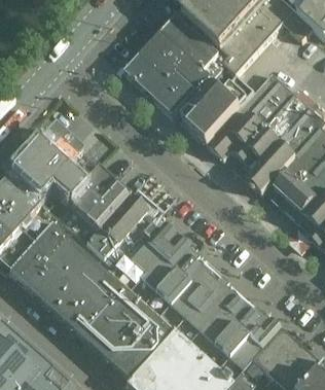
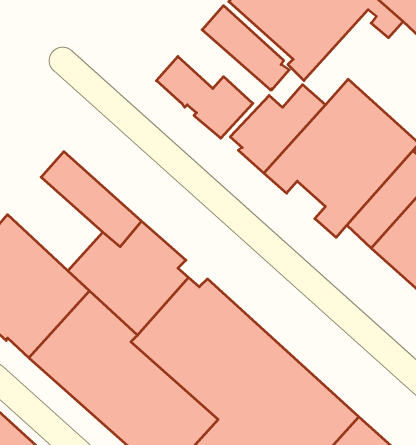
building: [141,31,212,87] -> none
building: [10,144,83,216] -> none

